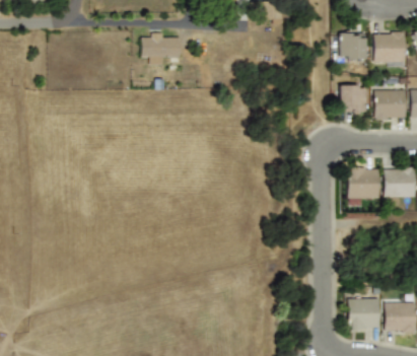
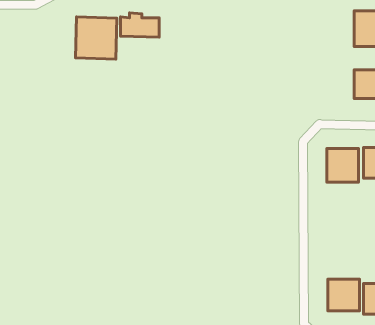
building: [339,32,366,59] -> none
building: none -> [75,17,117,59]
building: [339,85,366,114] -> none

